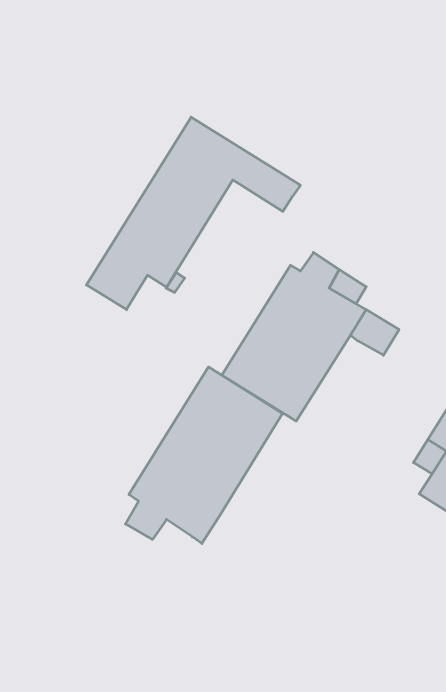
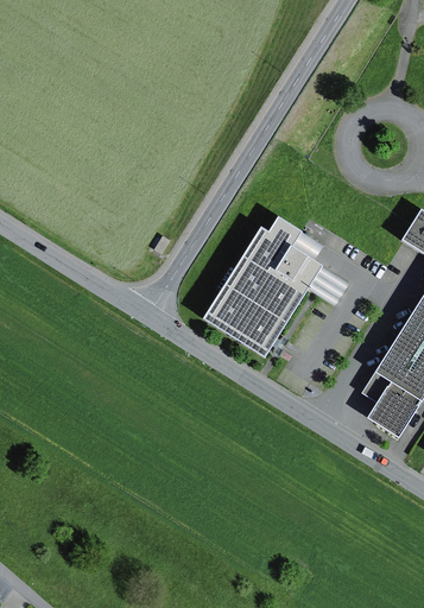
building: [86,117,300,310] -> none
building: [125,367,282,544] -> none

